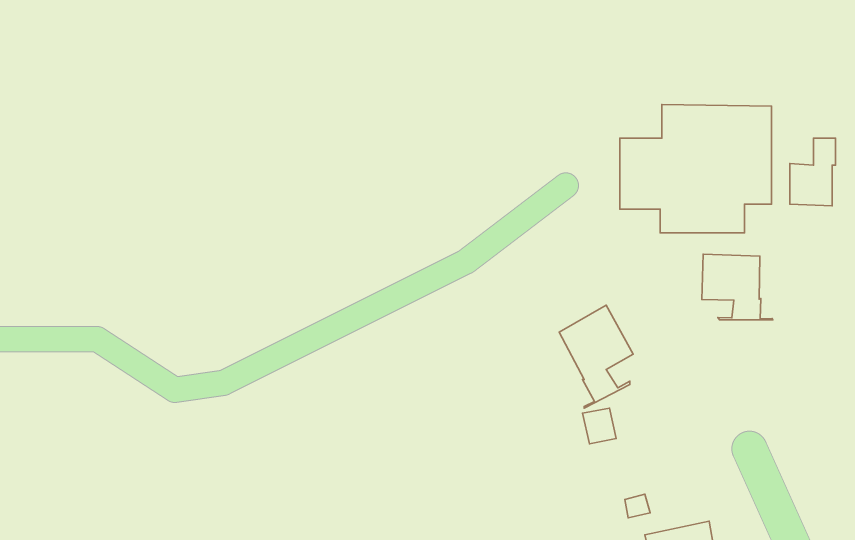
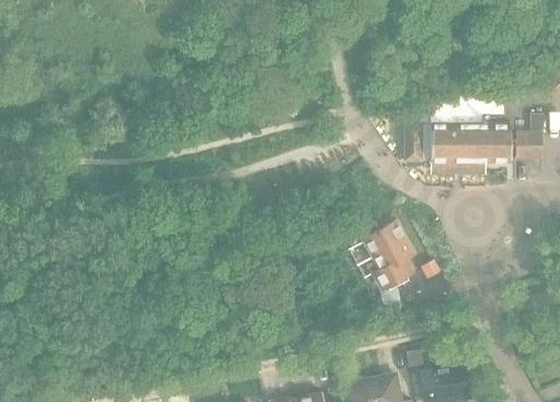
building: [702,254,773,320] -> none

